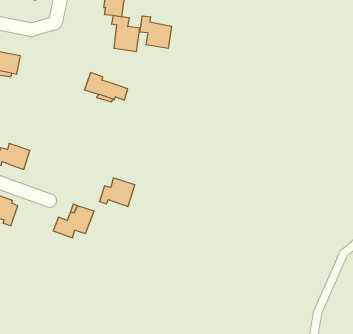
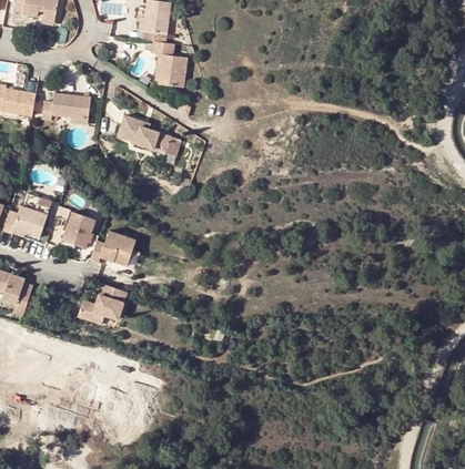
building: [140,16,171,48] -> none
building: none -> [41,92,91,121]
building: none -> [62,212,94,247]
building: [99,178,135,207] -> [90,230,135,266]

